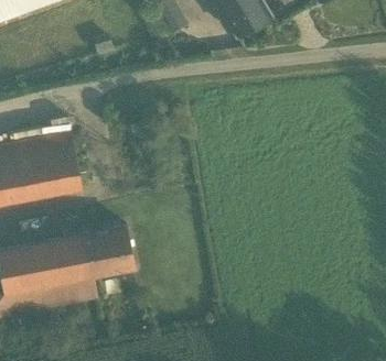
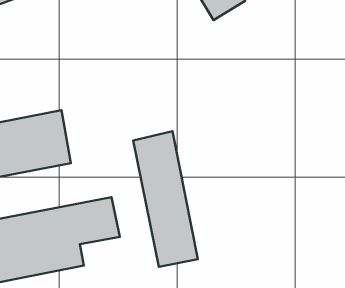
building: none -> [133,131,198,267]

